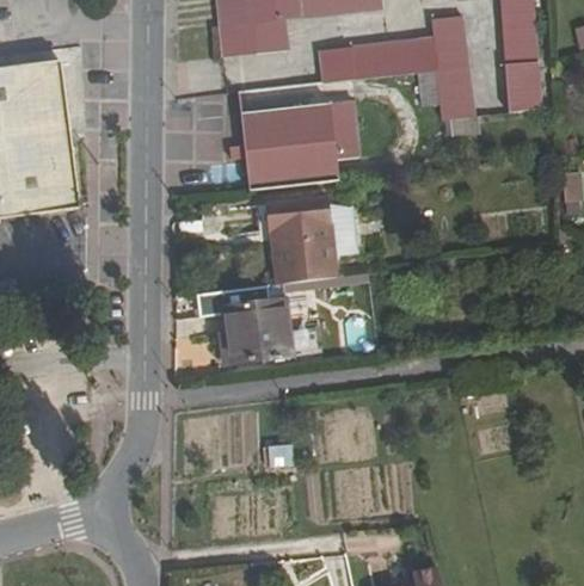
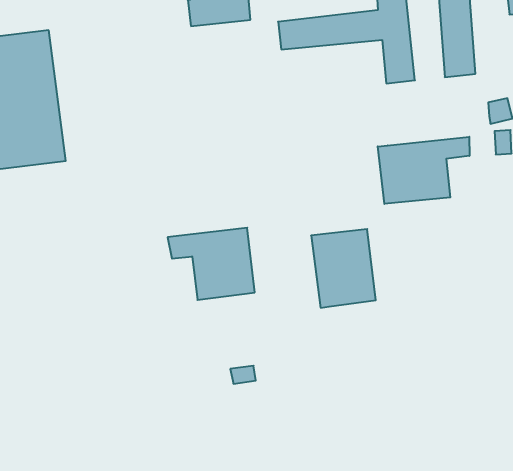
building: [239,98,361,190] -> none
building: none -> [378,137,469,204]
building: [264,195,337,283] -> [311,229,376,308]

